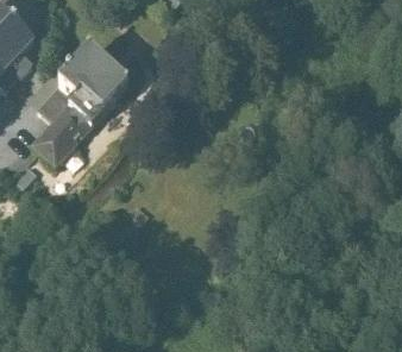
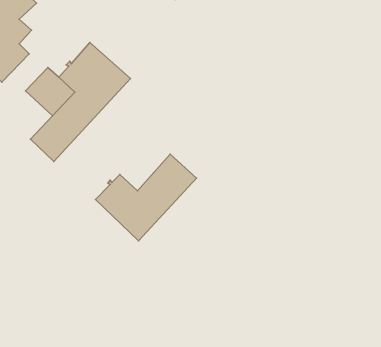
building: none -> [95,154,196,241]

